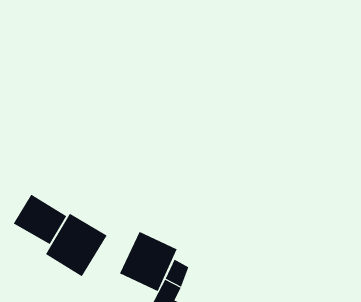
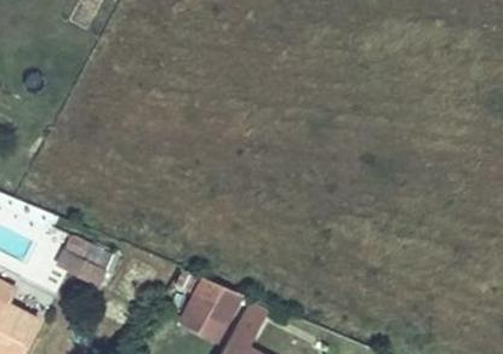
building: [45,213,108,277] -> none

